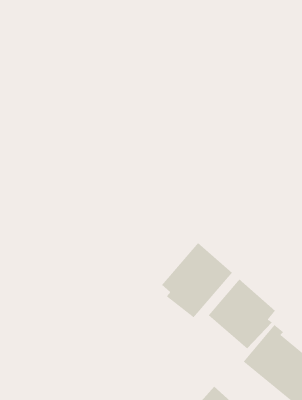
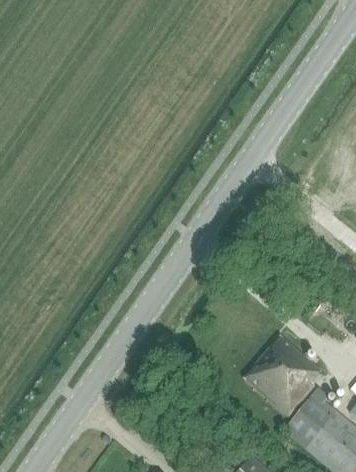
building: [161,242,233,318] -> none

